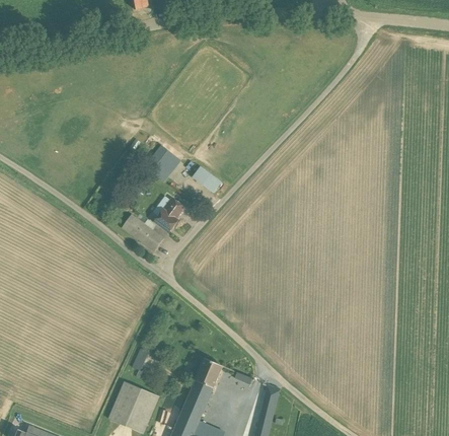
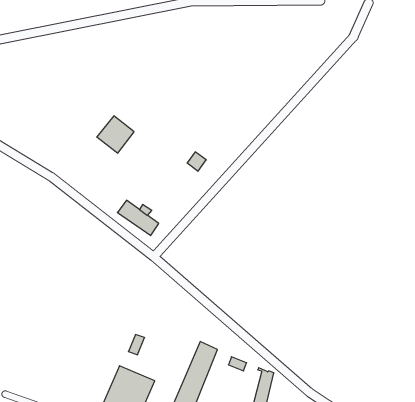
building: [143,145,180,183] -> [97,116,134,153]
building: [154,198,184,232] -> none

